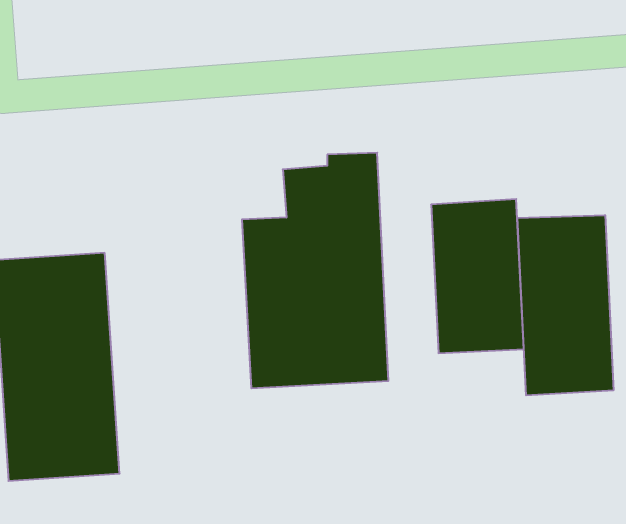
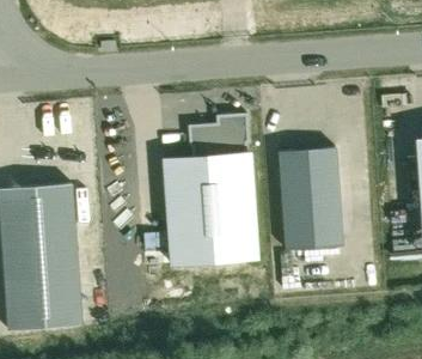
building: [517,215,613,395] -> none

